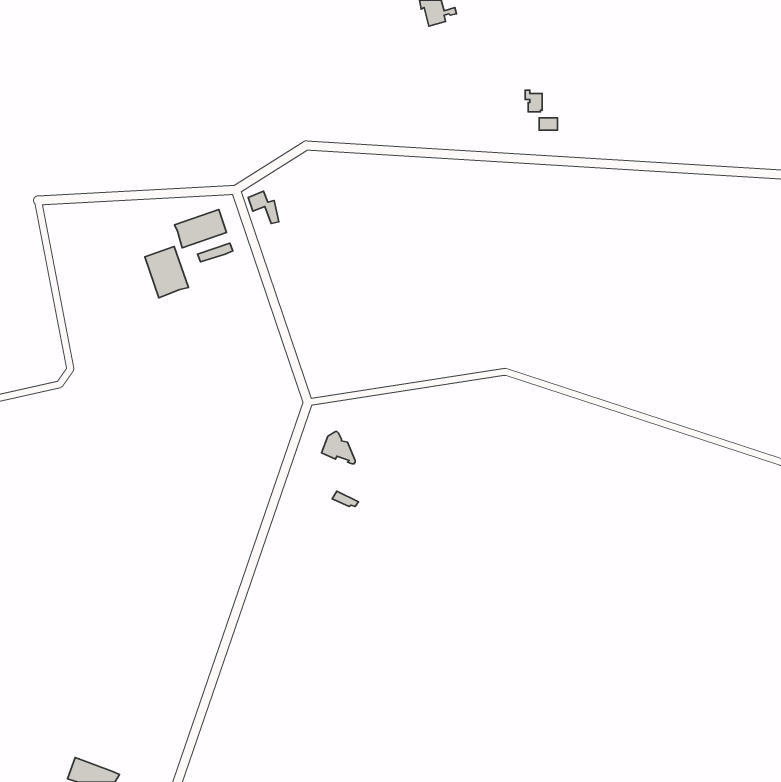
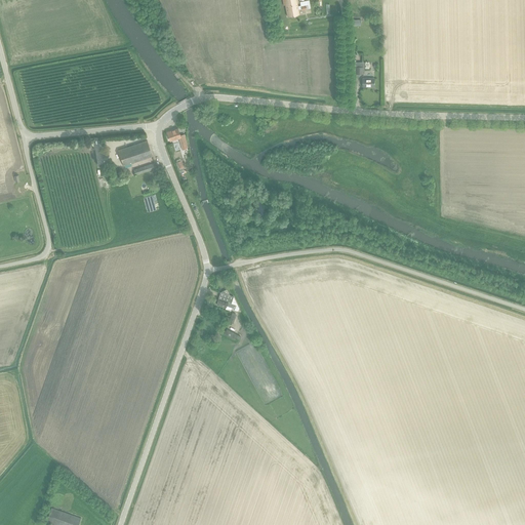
building: [145,247,188,298] -> none

